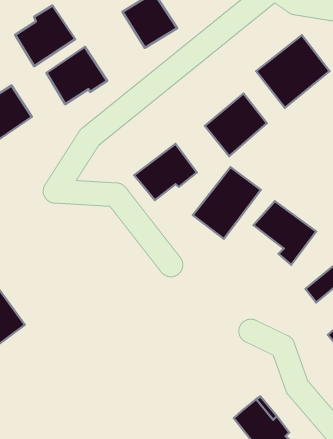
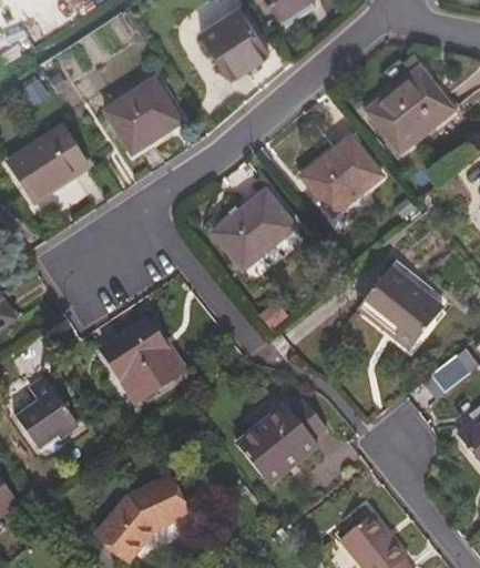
building: [15,6,75,66] -> none
building: [193,167,261,239] -> none
building: none -> [108,323,185,399]
building: none -> [238,398,325,479]
building: none -> [101,476,183,554]

